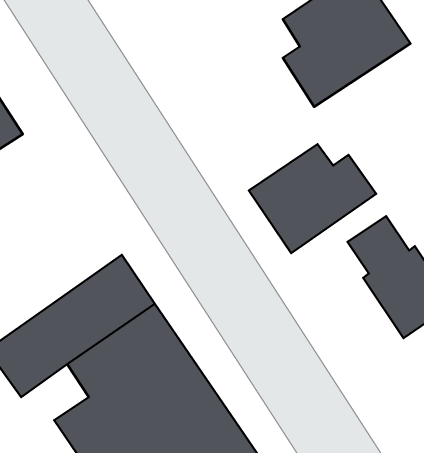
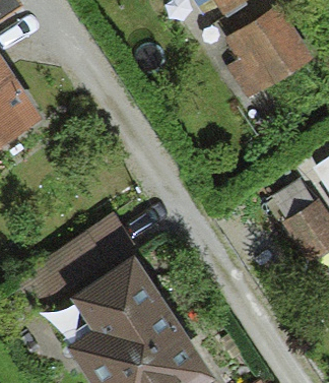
building: [249,144,376,253] -> none

